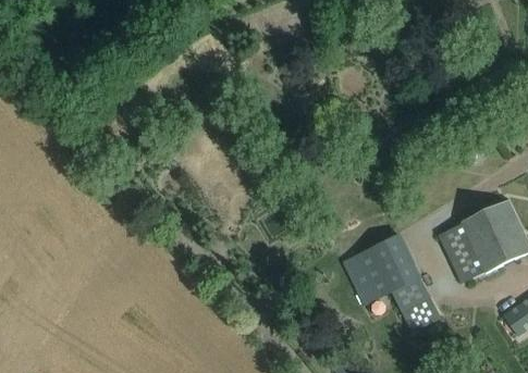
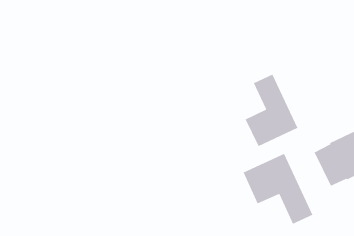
building: none -> [245,73,298,147]

